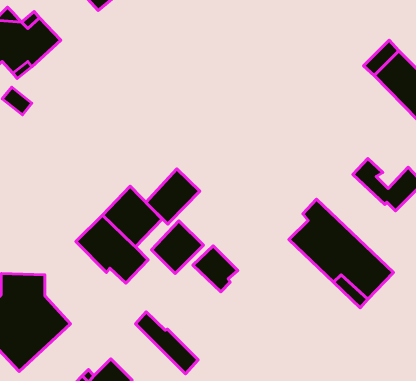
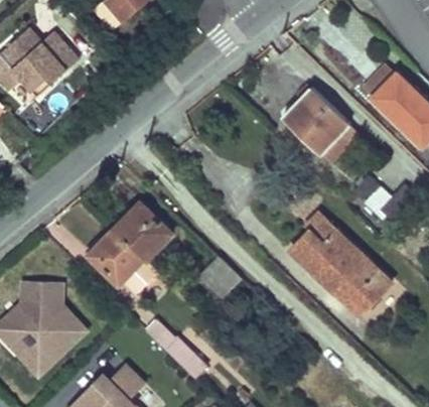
building: none -> [284,89,347,152]
building: [146,169,200,224] -> none
building: [152,221,203,274] -> none

